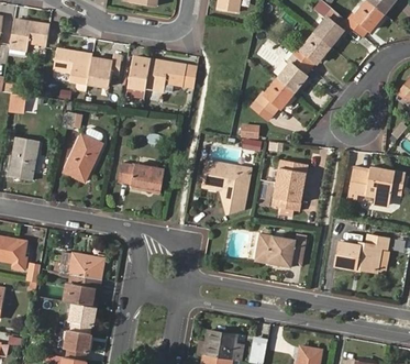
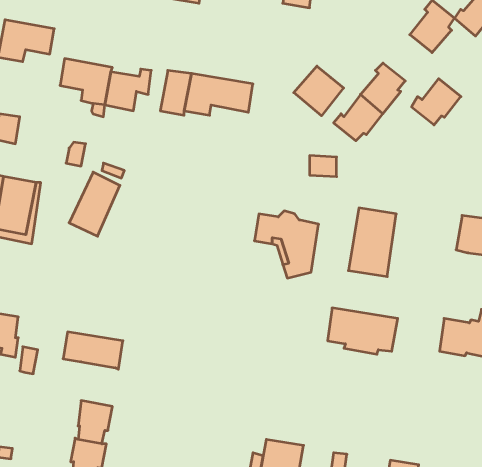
building: [295,33,331,67] -> [412,79,461,125]
building: none -> [294,66,344,116]
building: [119,163,165,191] -> none
building: [68,274,98,307] -> none

